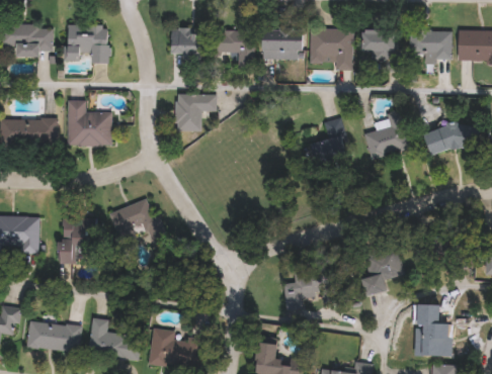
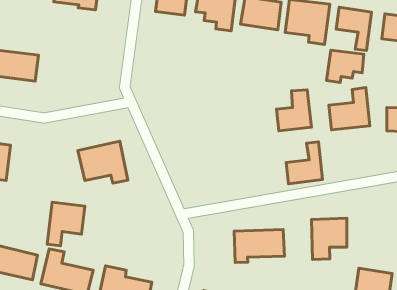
building: none -> [326,50,364,82]
building: [175,95,216,131] -> none
building: [68,101,111,147] -> none
building: none -> [286,142,322,184]
building: [62,217,96,262] -> [47,202,85,246]

